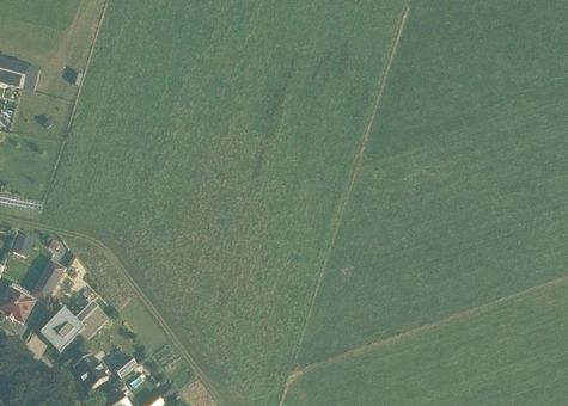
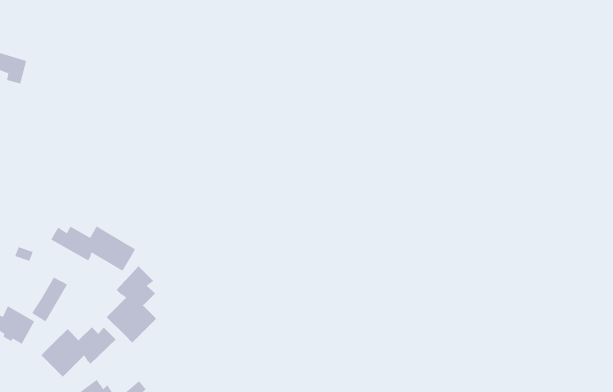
building: none -> [50,225,136,272]
building: none -> [106,266,157,343]

